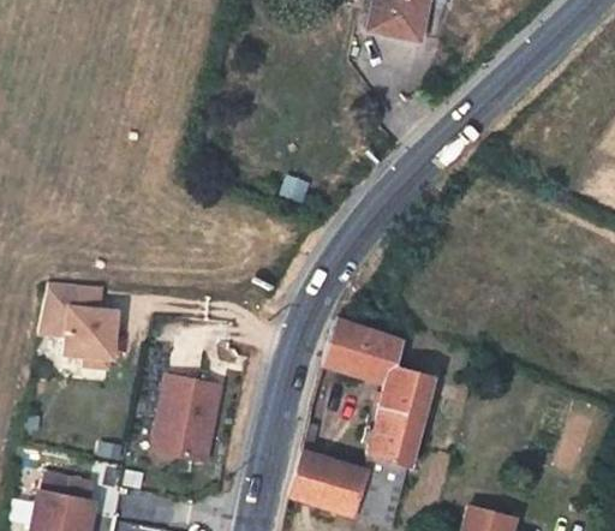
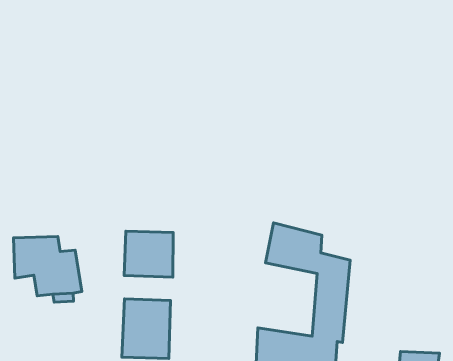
building: none -> [124,231,173,277]

